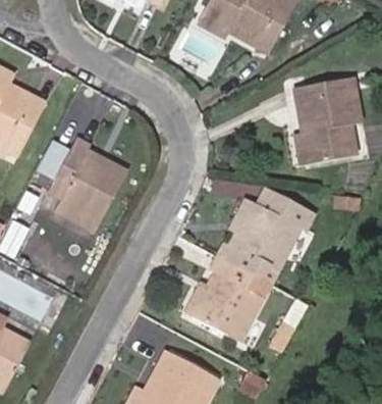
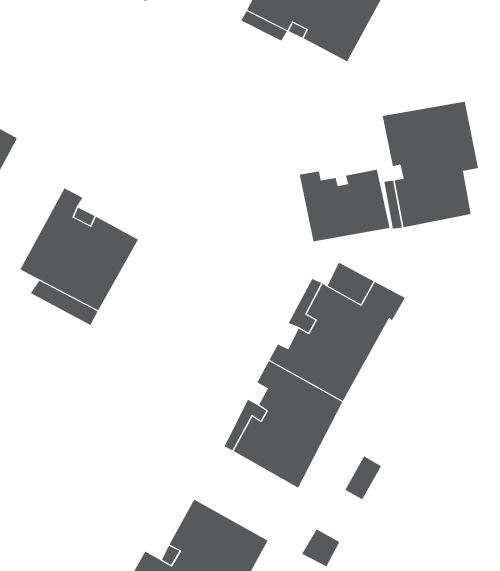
building: none -> [299,169,390,242]

